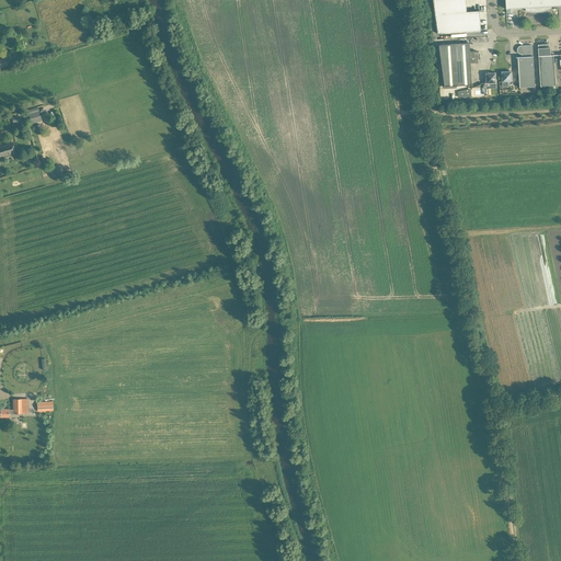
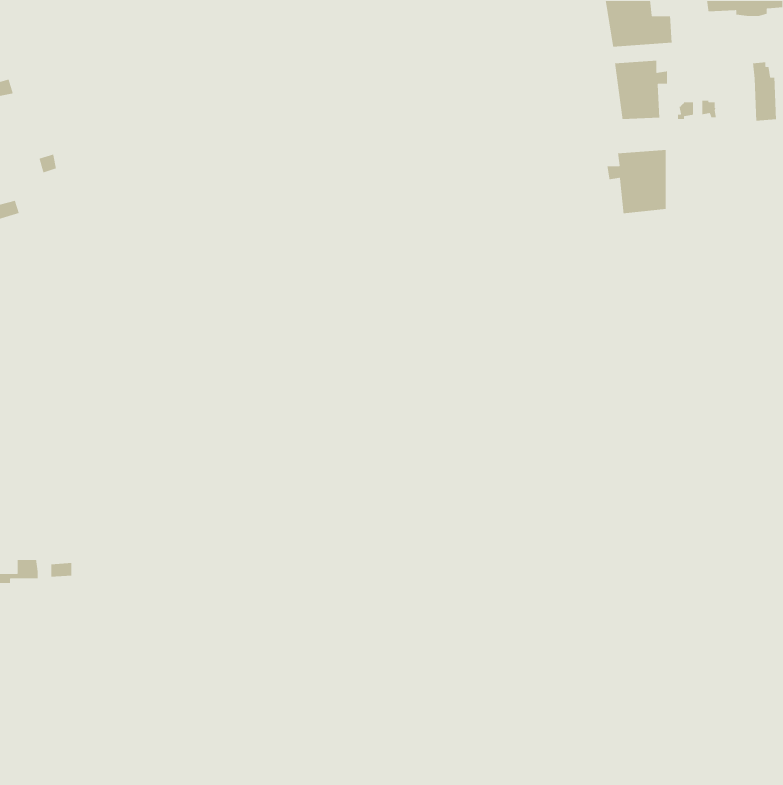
building: [516,45,534,88] -> none
building: none -> [607,149,667,214]

